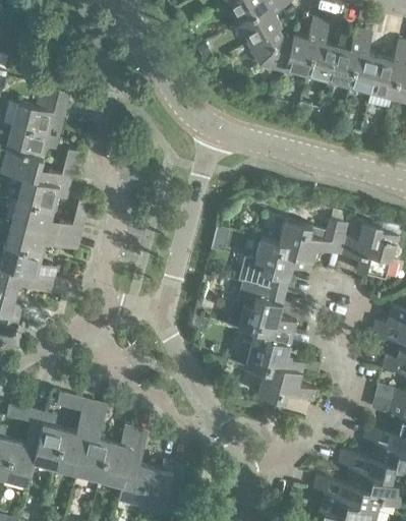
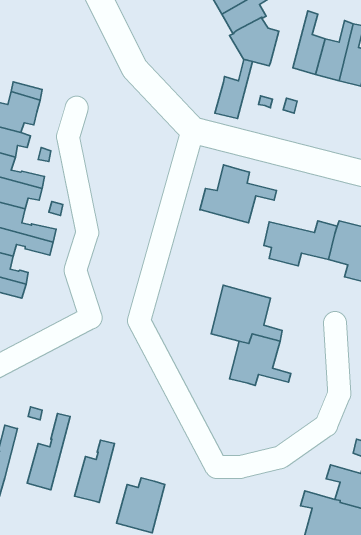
building: [284,18,320,74] -> [215,59,253,119]
building: [238,237,310,292] -> [200,165,276,223]
building: [253,364,314,414] -> none
building: [76,404,109,479] -> none
building: [33,415,64,467] -> none
building: [115,429,149,505] -> none

